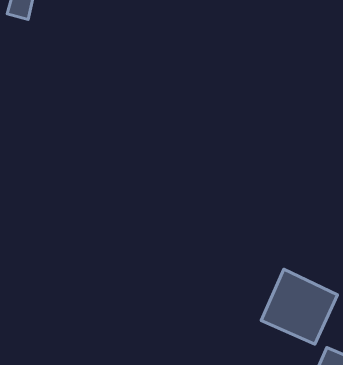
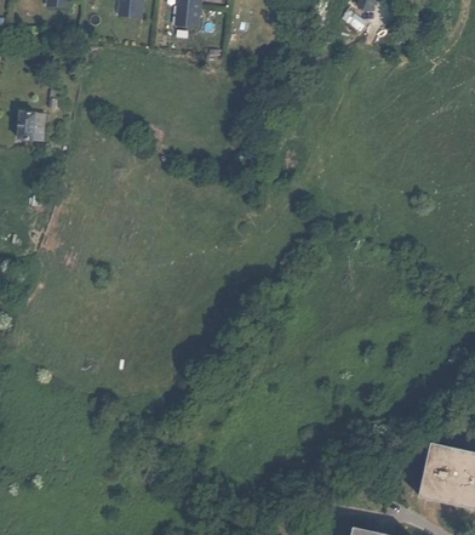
building: [261,269,338,344] -> none

